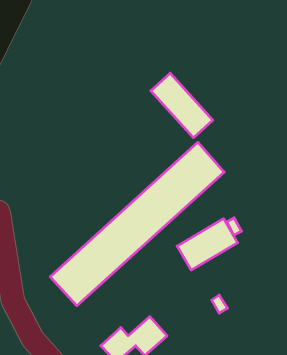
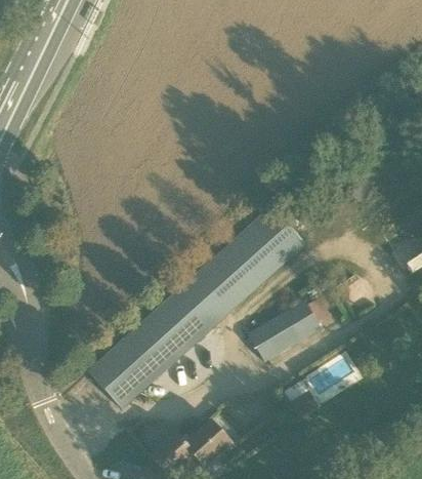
building: [151,73,213,138] -> none

